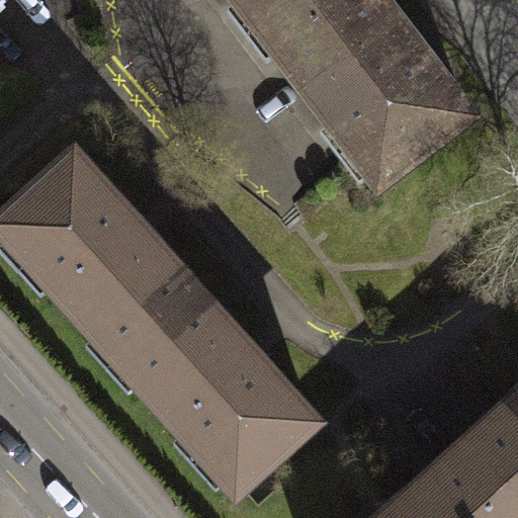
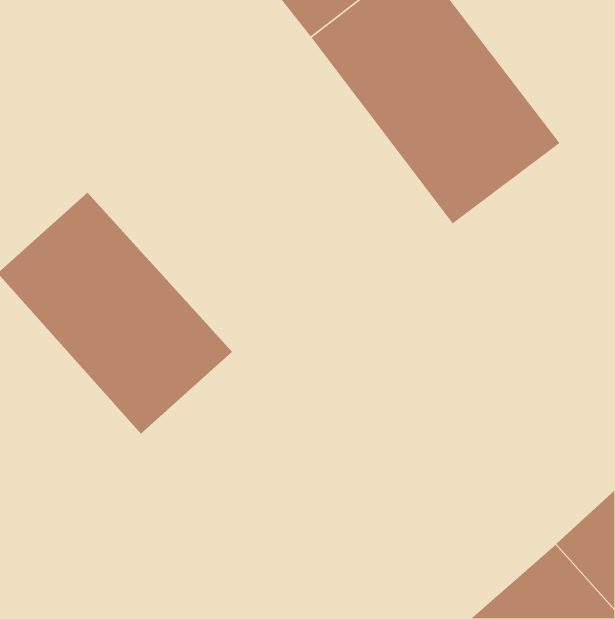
building: [117,293,311,492] -> none

